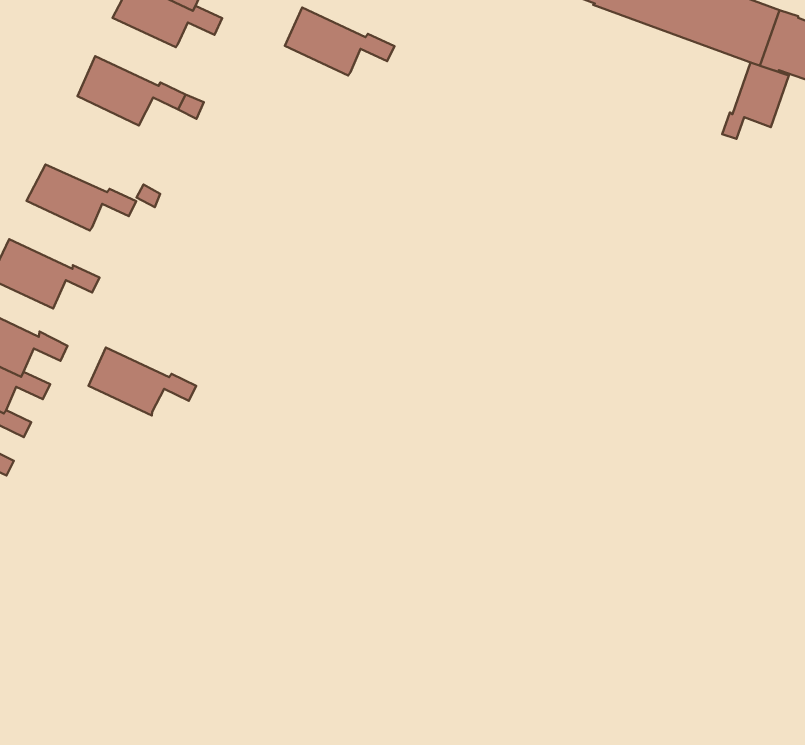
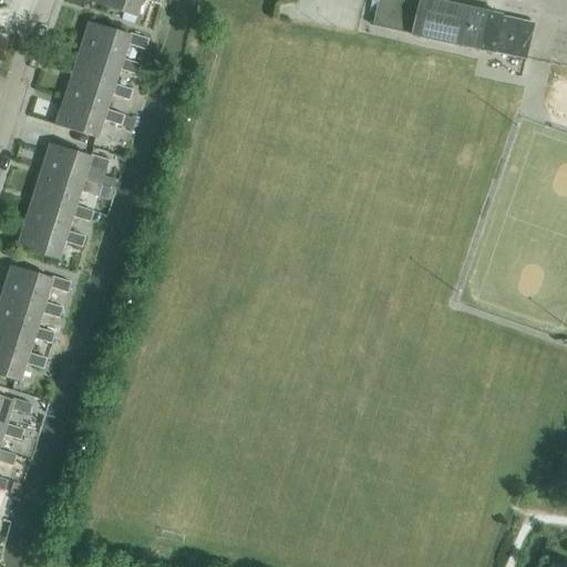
building: [285,8,394,75] -> [64,71,133,110]
building: [722,63,789,139] -> none
building: none -> [42,142,110,181]
building: [88,348,196,415] -> [25,193,93,231]

